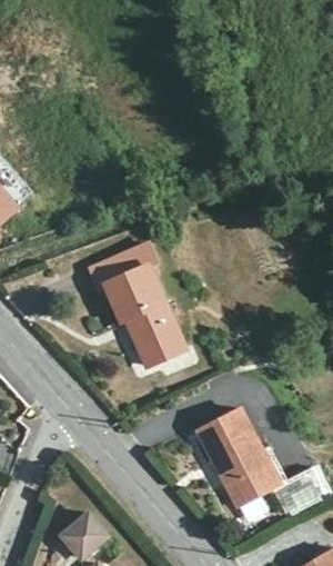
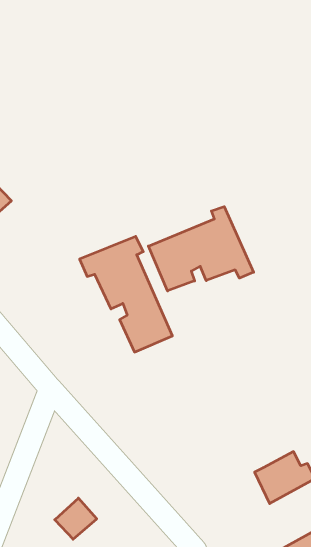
building: none -> [148,207,254,291]
building: [198,410,279,506] -> none

